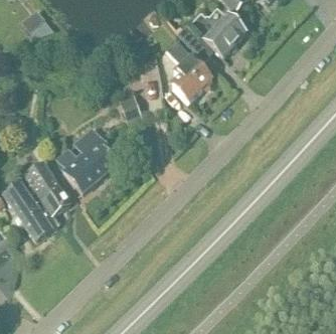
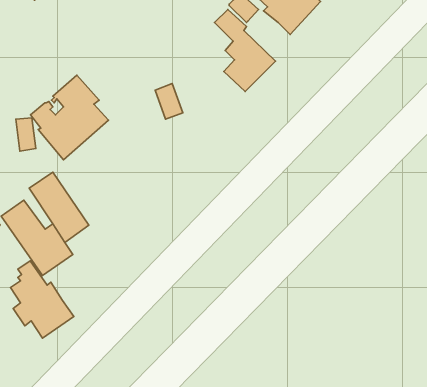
building: [56,129,116,193] -> [30,75,109,160]
building: none -> [10,261,74,338]

